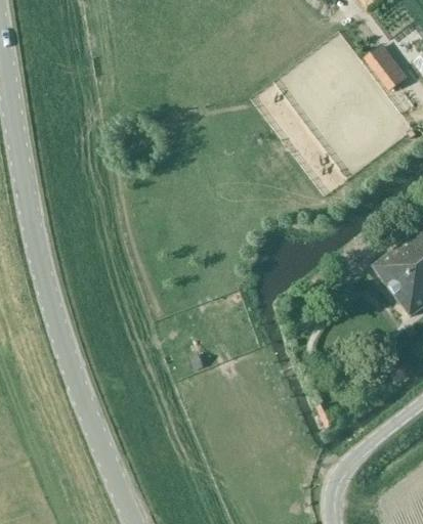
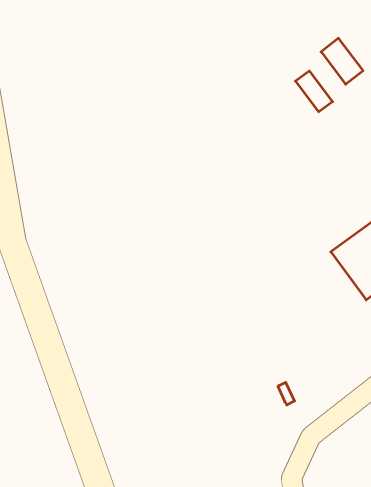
building: none -> [295,71,333,112]

